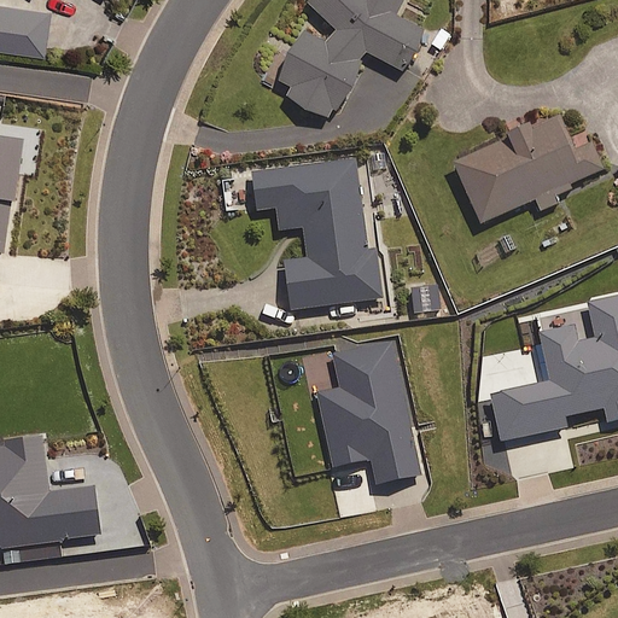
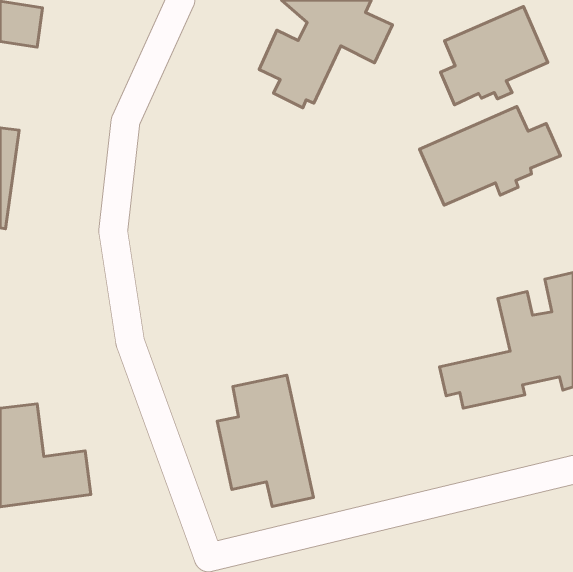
building: none -> [441,6,548,105]
building: [251,159,381,309] -> none
building: [316,343,420,484] -> [217,375,314,506]

